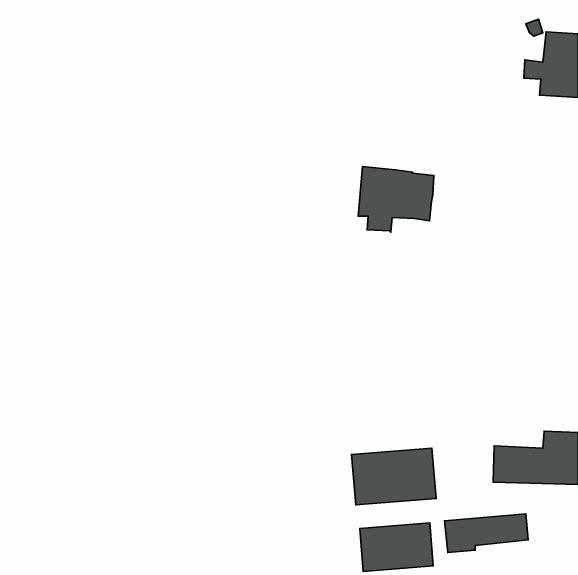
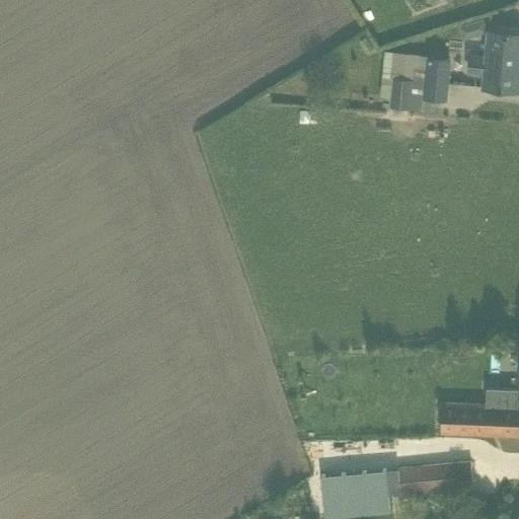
building: [358,166,434,232] -> [381,52,449,110]
building: [352,448,436,505] -> none

